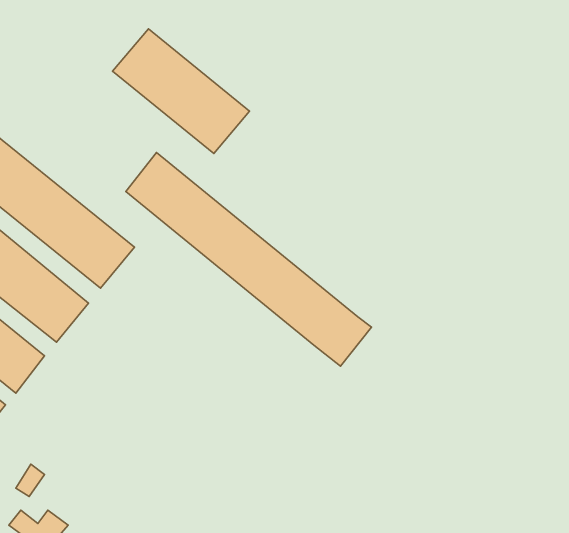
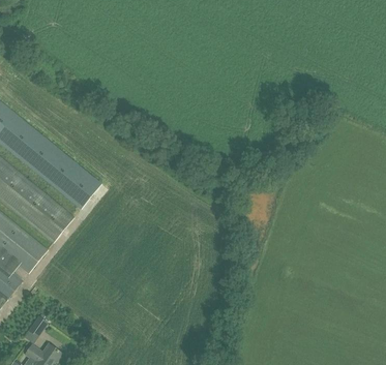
building: [112,29,250,154] -> none
building: [126,152,371,366] -> none

